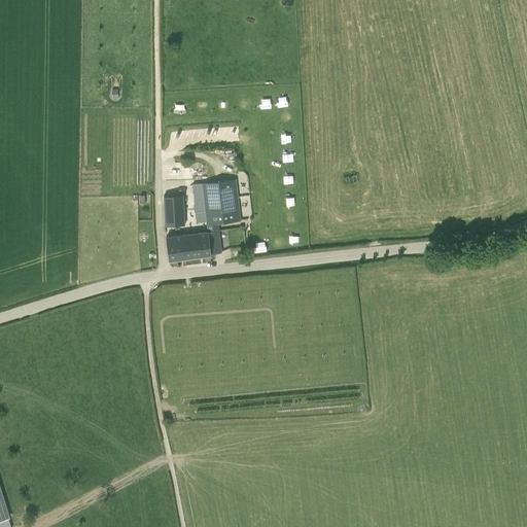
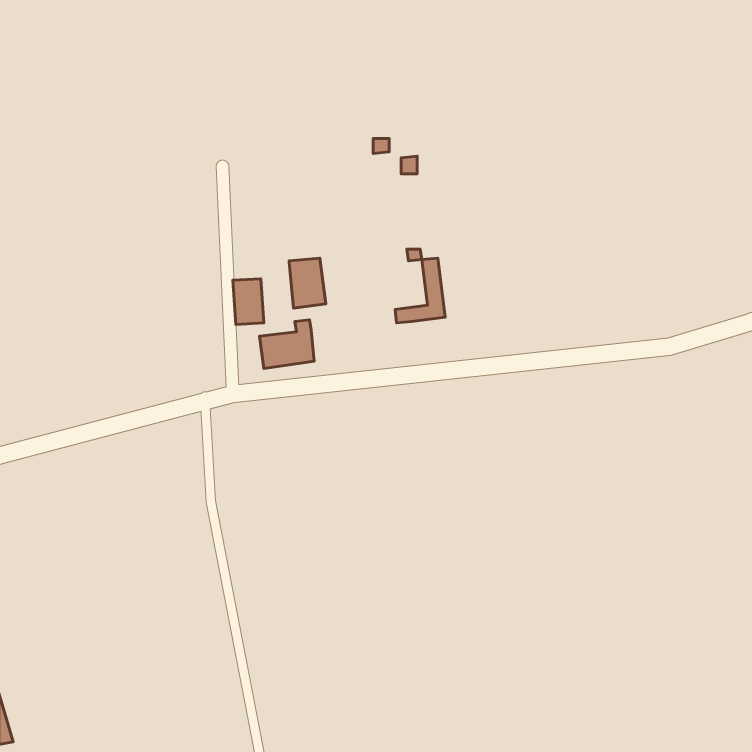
building: [205,180,240,225] -> [395,258,445,323]
building: [165,236,184,260] -> none

